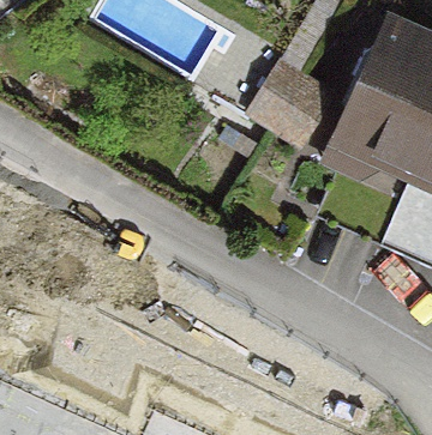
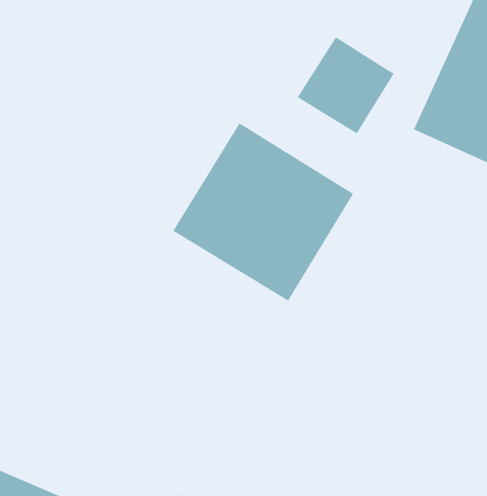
building: none -> [173,122,354,301]

